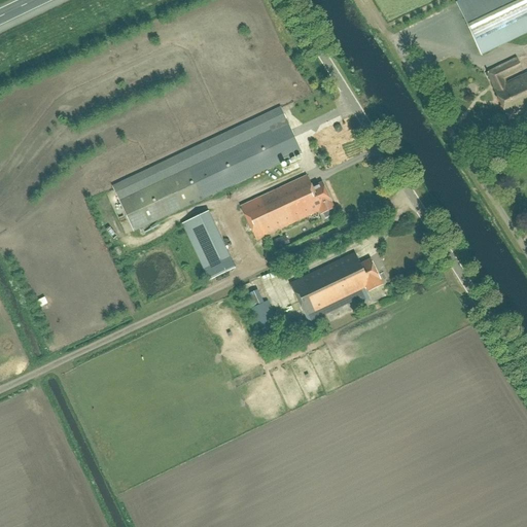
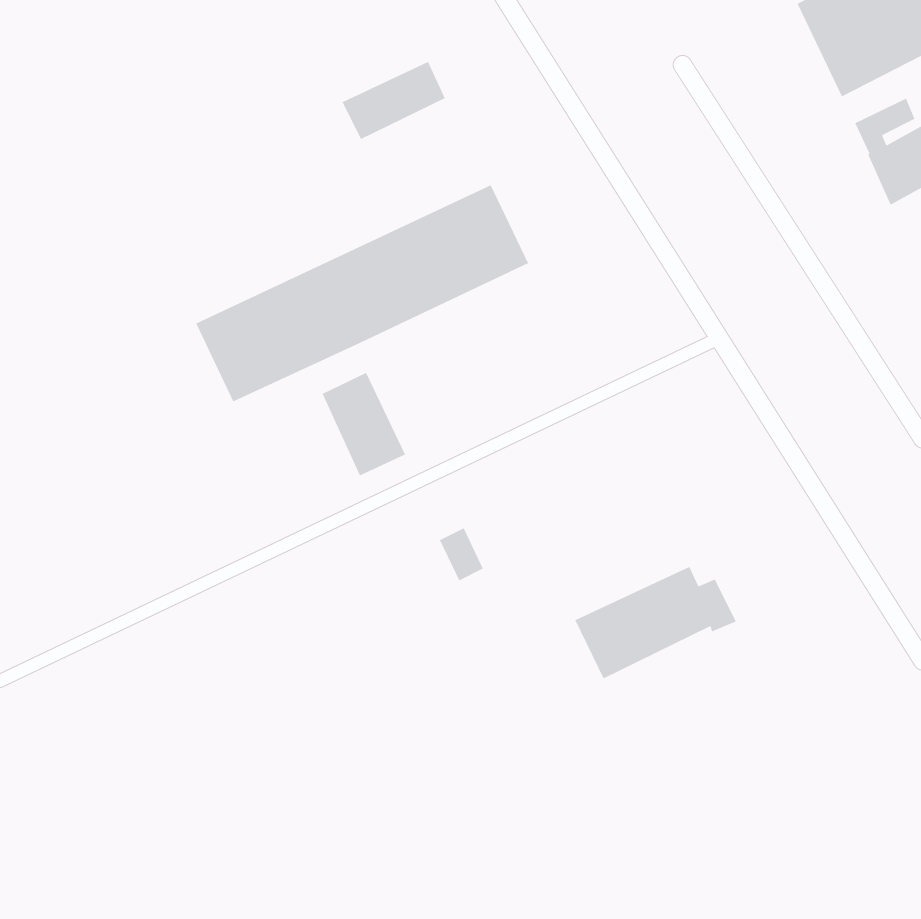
building: none -> [342,61,446,140]
building: [241,174,335,239] -> none
building: [290,251,383,316] -> [574,566,737,679]

